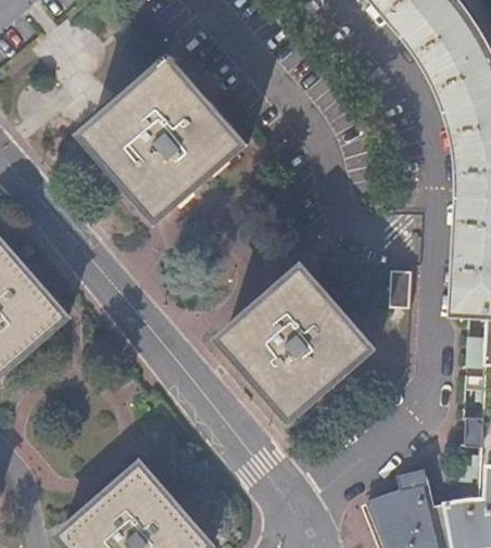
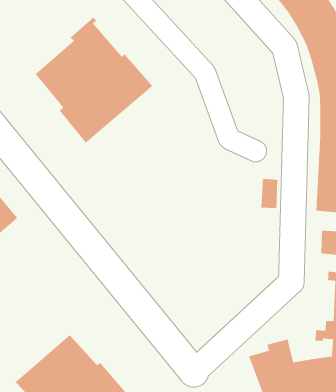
building: [224,270,372,418] -> none

